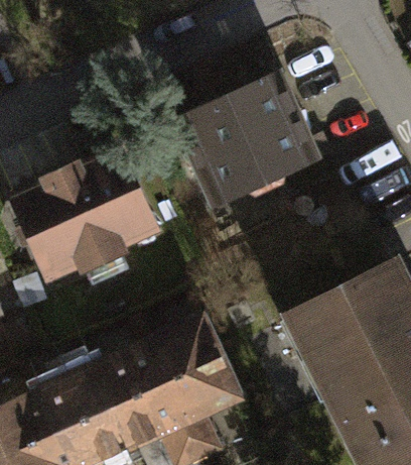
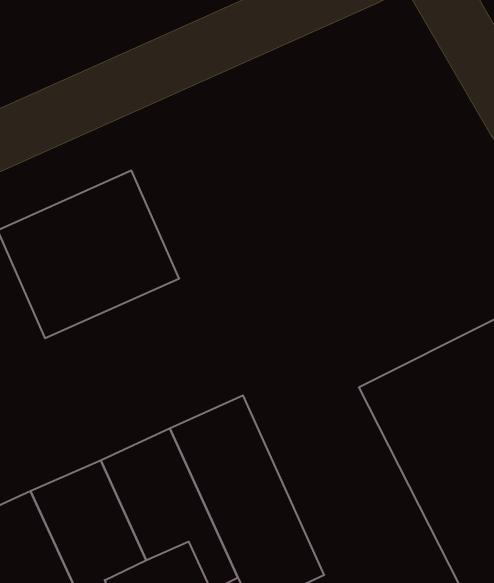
building: [182,75,317,201] -> none

